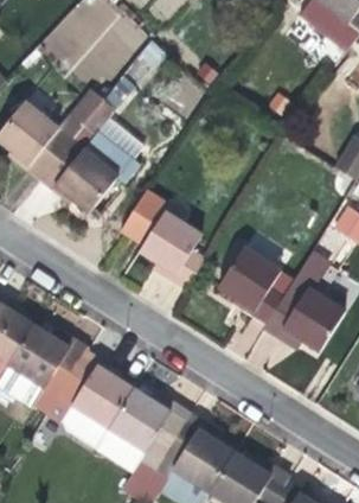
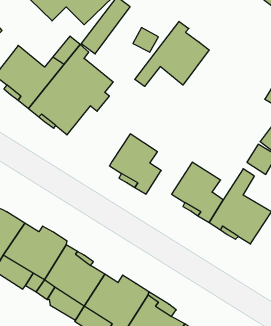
building: none -> [135,21,209,86]
building: [118,189,171,246] -> none

